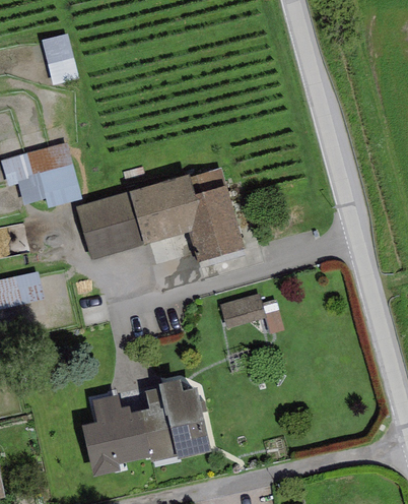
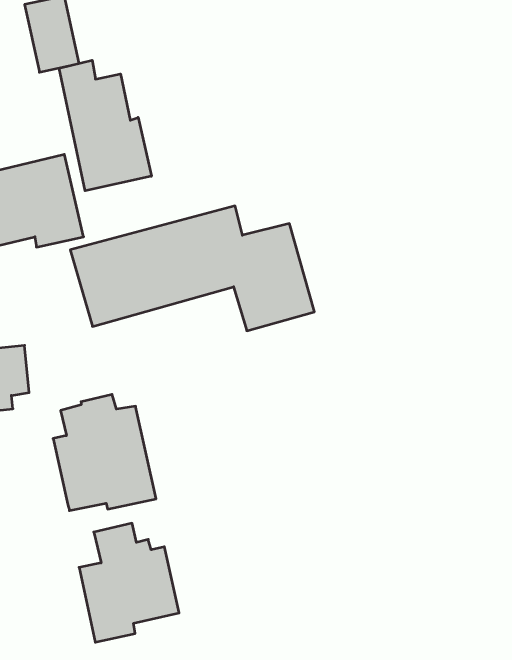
building: none -> [59,60,151,191]
building: [219,294,263,326] -> none
building: [139,380,210,460] -> [53,394,156,511]

